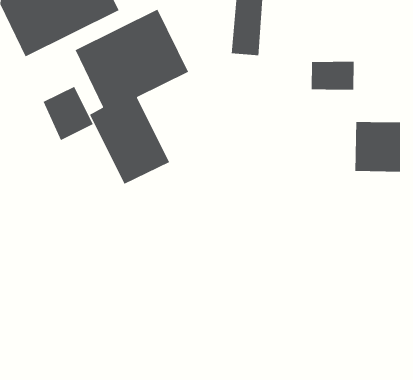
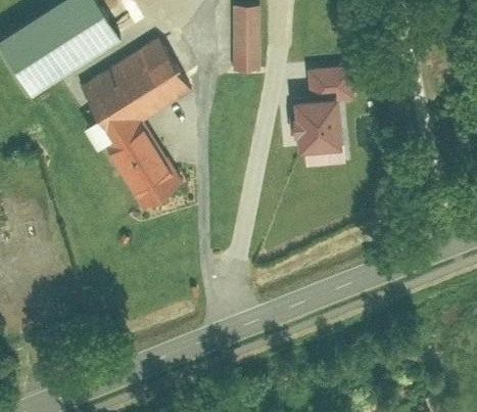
building: [43,86,94,141] -> none
building: [354,121,401,172] -> [296,99,344,151]

